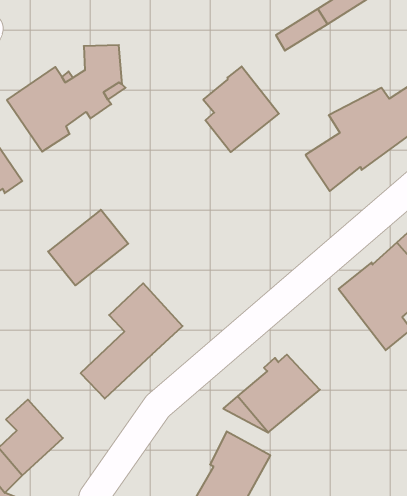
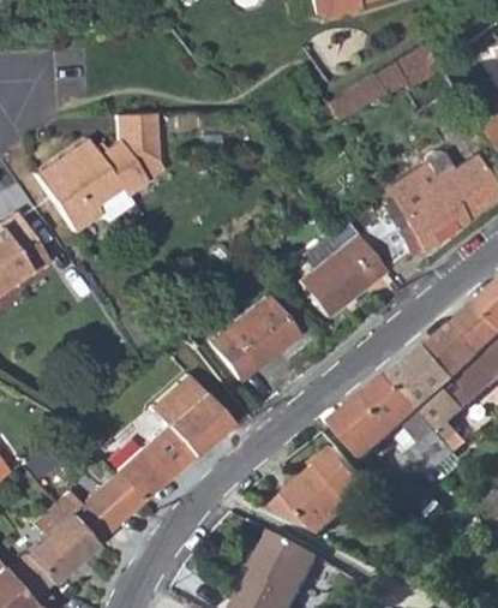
building: [203,66,279,152] -> [304,221,386,315]
building: [48,210,128,285] -> [214,294,301,377]
building: none -> [340,378,455,478]
building: none -> [58,471,142,542]

